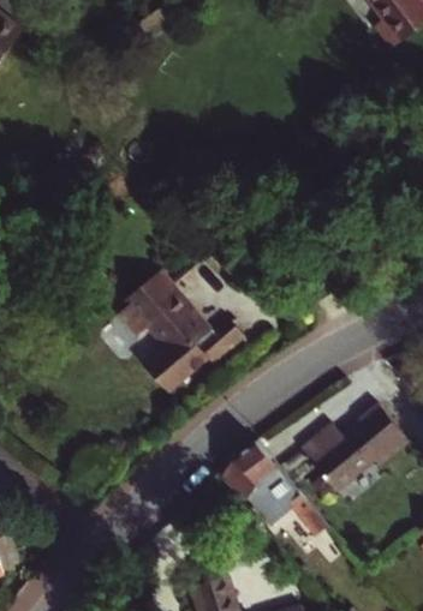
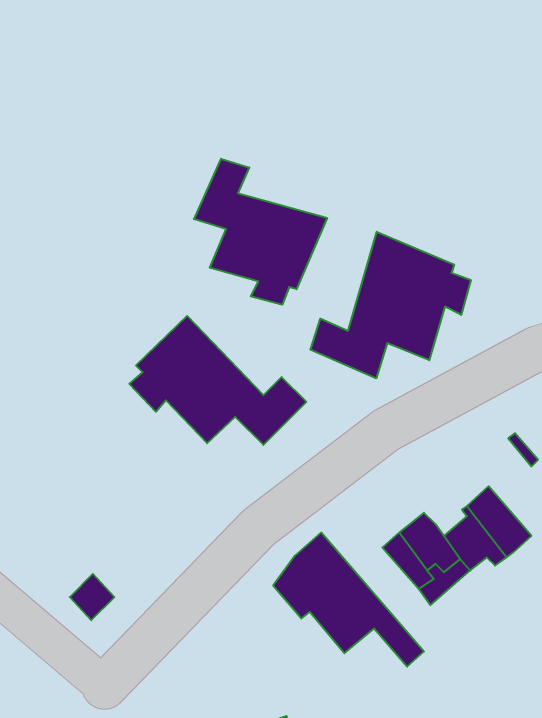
building: none -> [194,159,327,305]
building: none -> [310,232,471,378]

